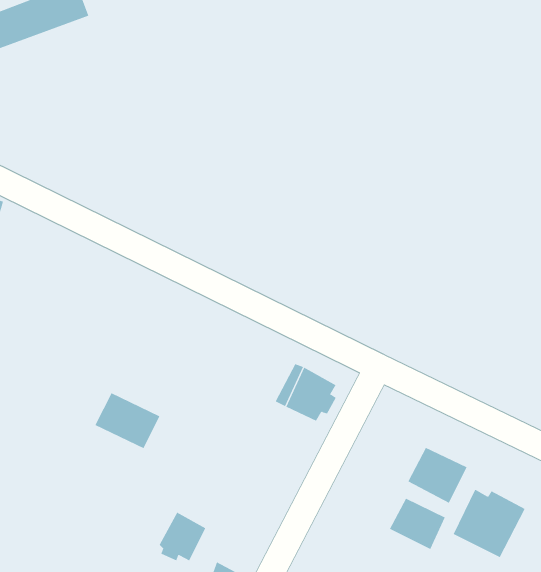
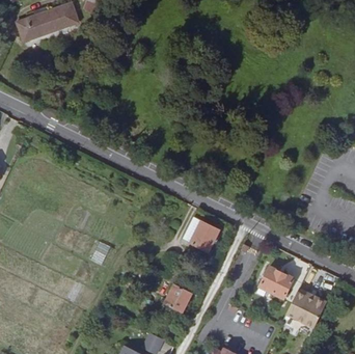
building: [389,498,446,550] -> none
building: [159,512,206,561] -> [165,284,192,312]

